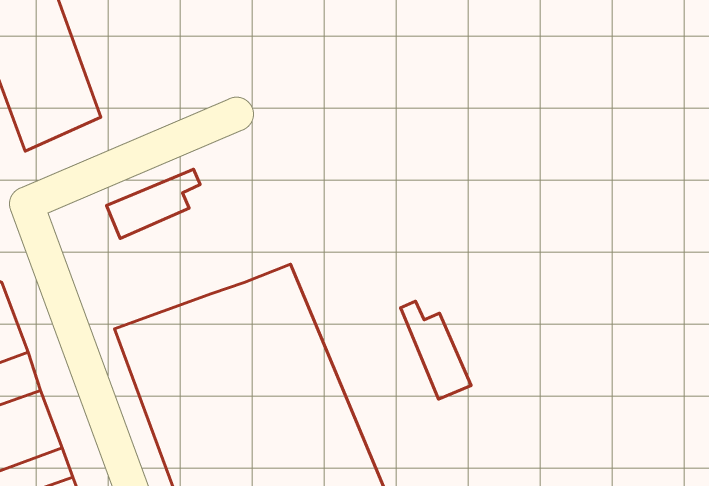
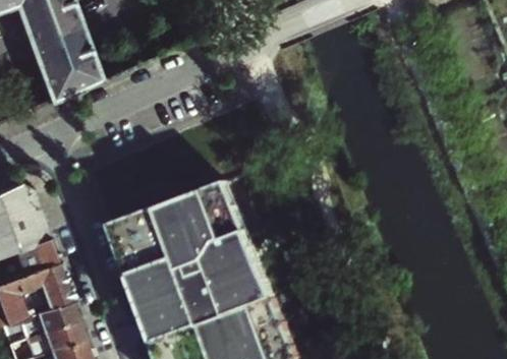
building: [107,169,200,238] -> none
building: [400,301,471,399] -> none

